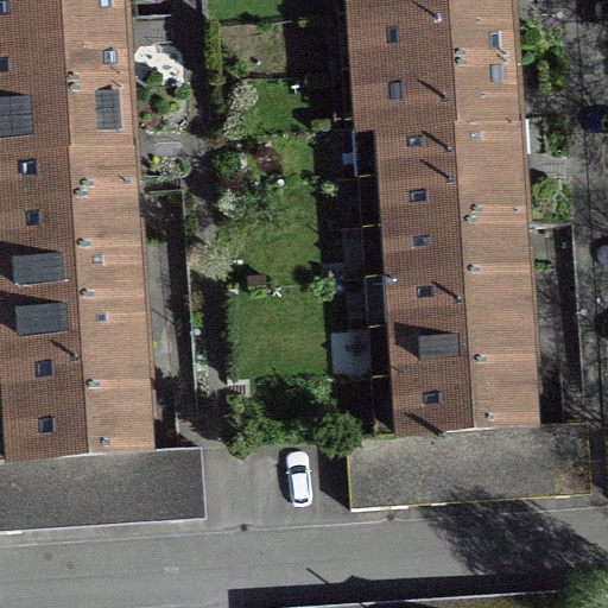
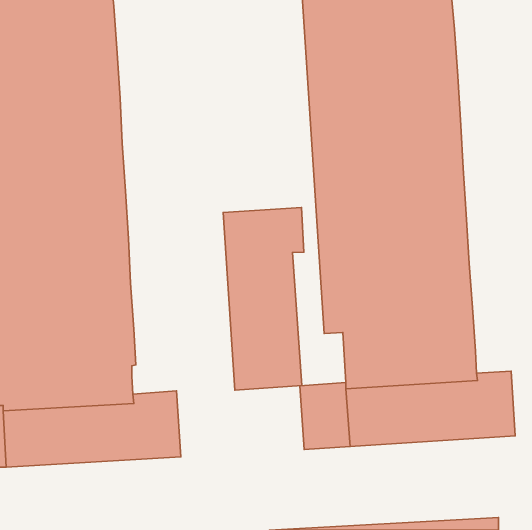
building: none -> [223,207,304,390]

